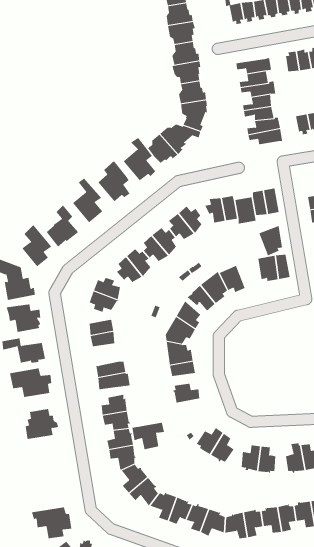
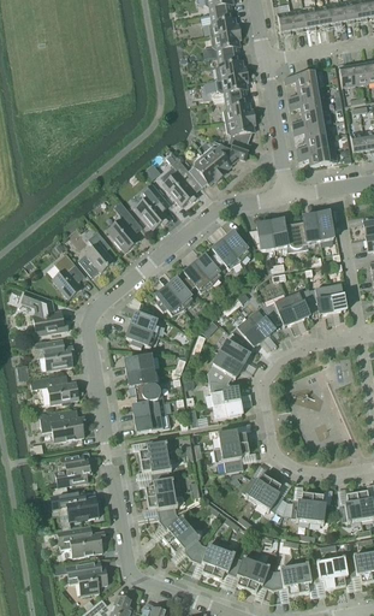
building: [259,225,283,256] -> [286,288,313,321]
building: none -> [129,380,164,405]
building: [132,422,165,450] -> [213,442,249,472]
building: none -> [51,490,99,521]
building: none -> [57,525,105,557]

